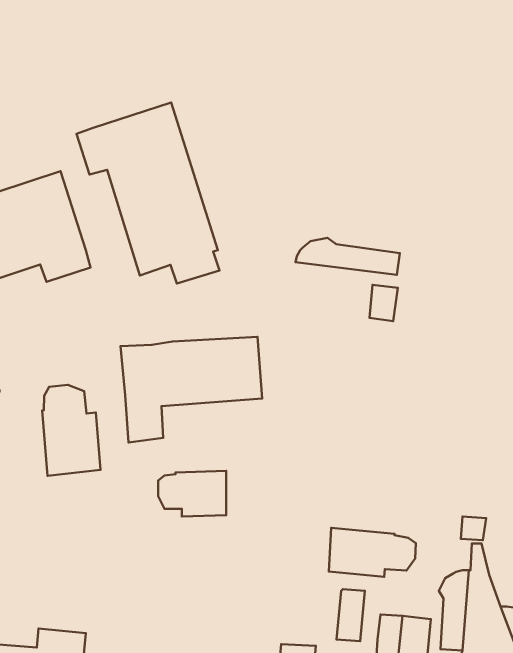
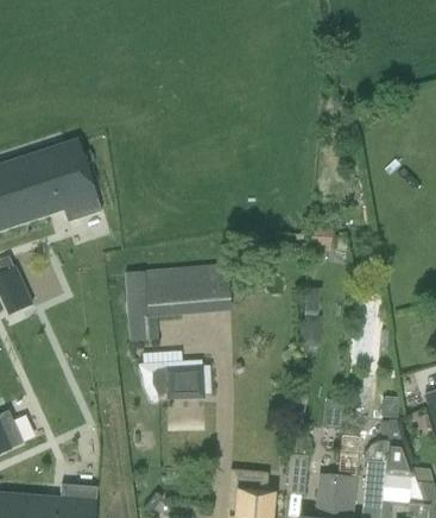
building: [76,103,219,284] -> none
building: [295,238,400,275] -> none
building: [42,385,100,476] -> none
building: [329,528,416,577] -> none

